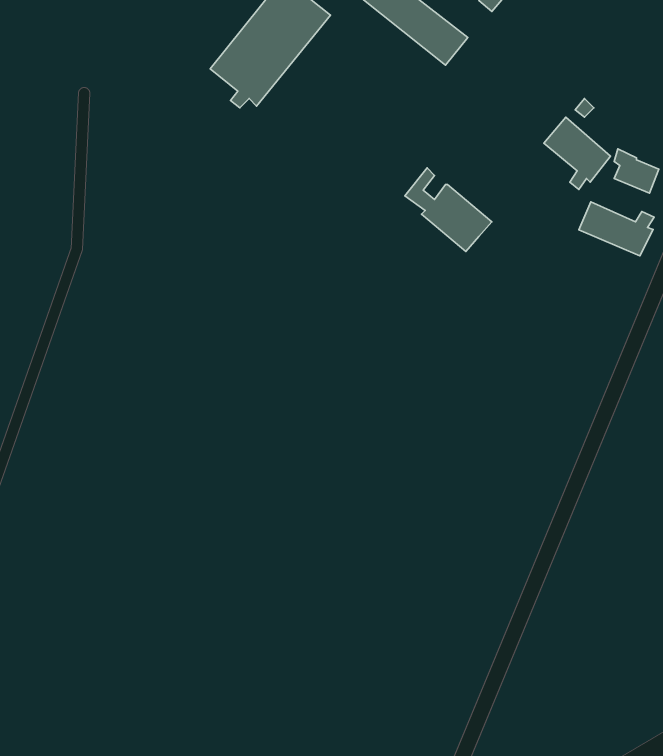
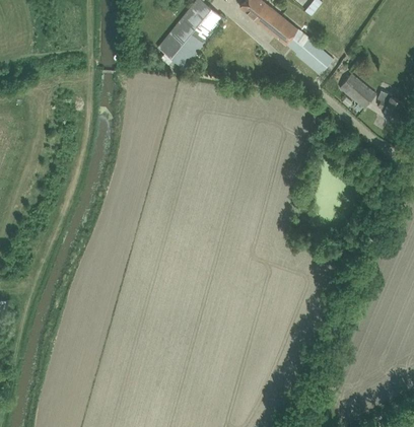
building: [405,168,492,251] -> [286,29,334,75]
building: [579,202,654,256] -> none

